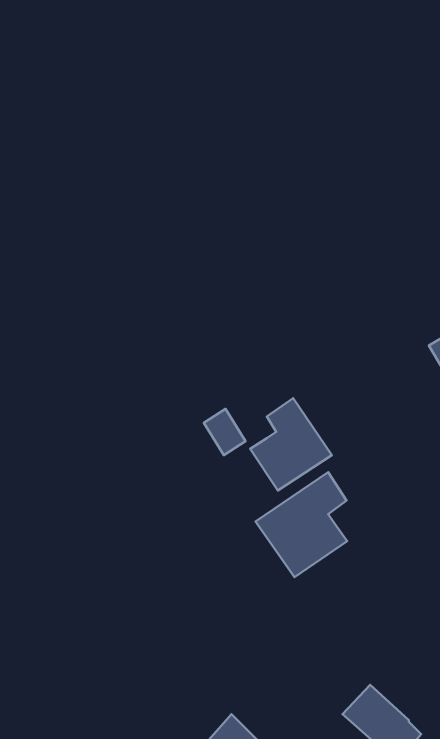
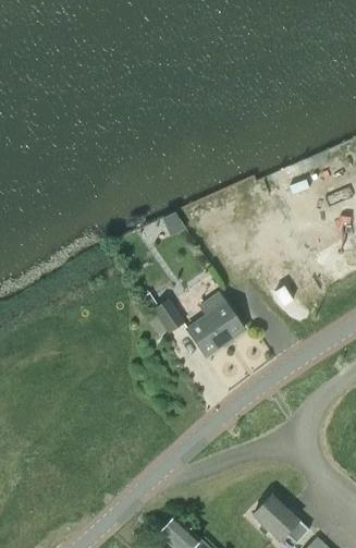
building: [255,472,347,577] -> none

